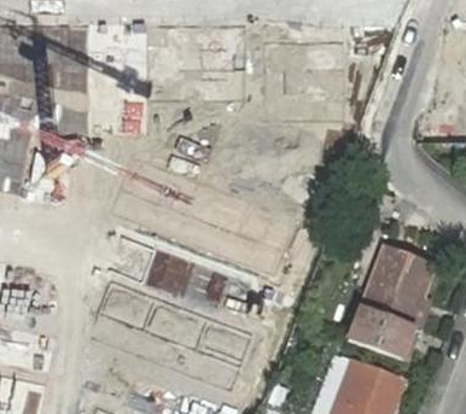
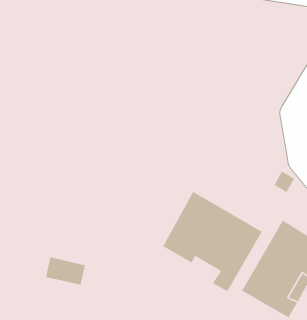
building: none -> [162,191,263,292]

